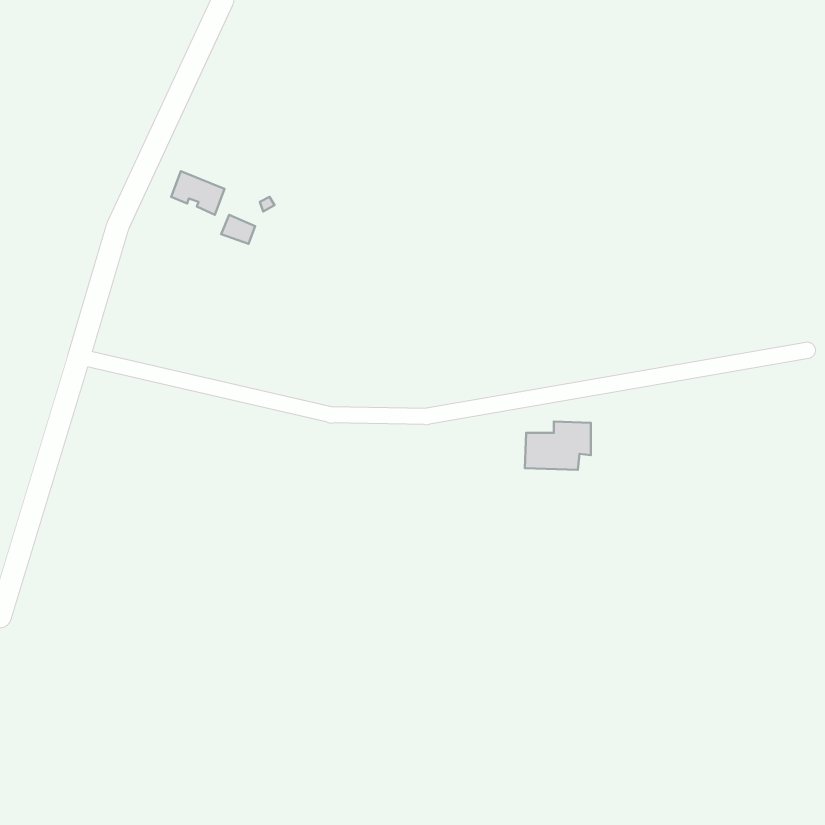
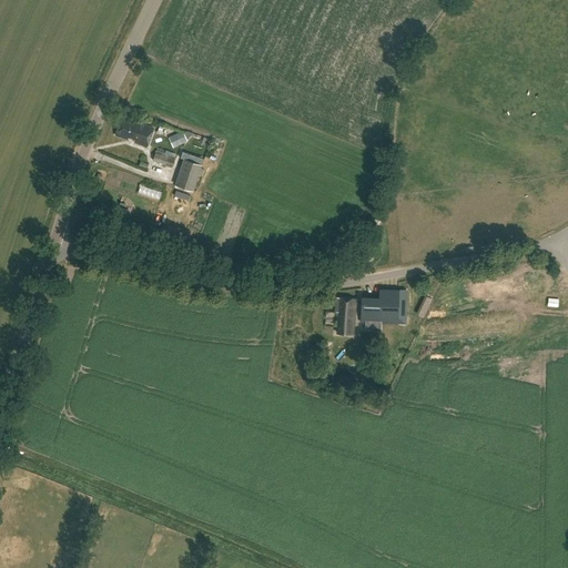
building: none -> [174,160,203,191]
building: none -> [335,297,356,334]

